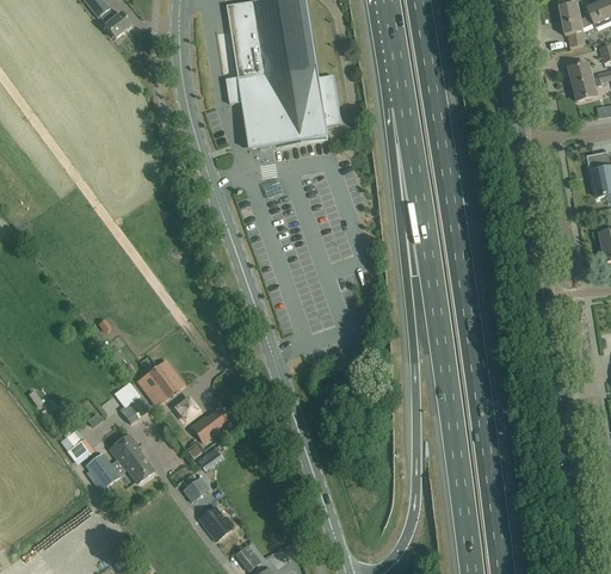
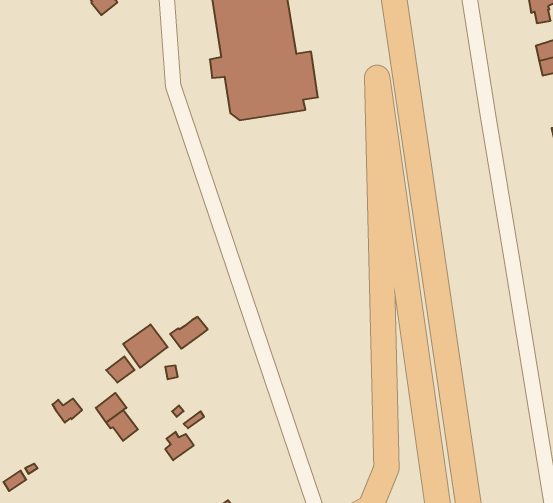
building: [190,407,229,440] -> [170,317,208,349]
building: [85,451,126,486] -> none
building: [197,504,230,539] -> none

